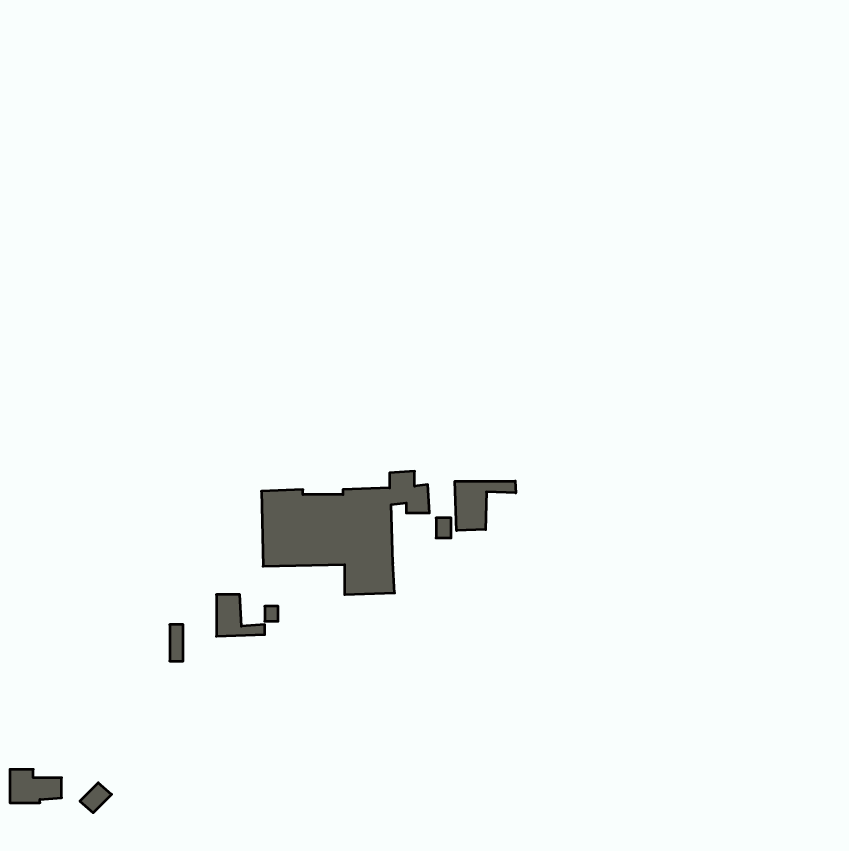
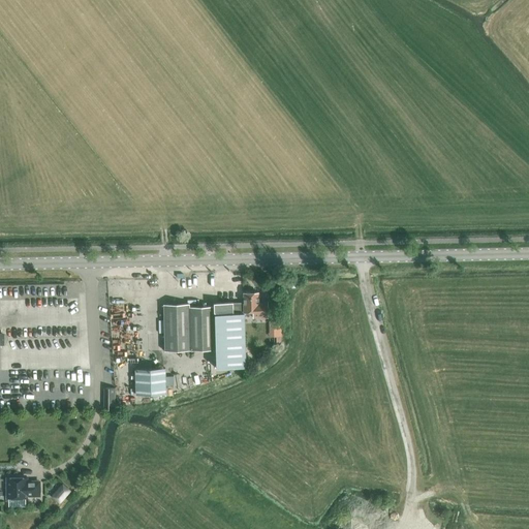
building: [455,481,516,531] -> none

